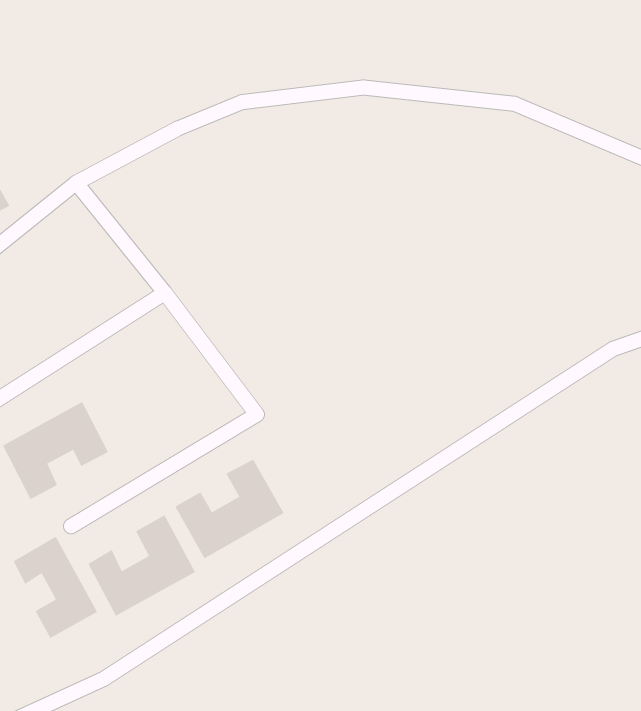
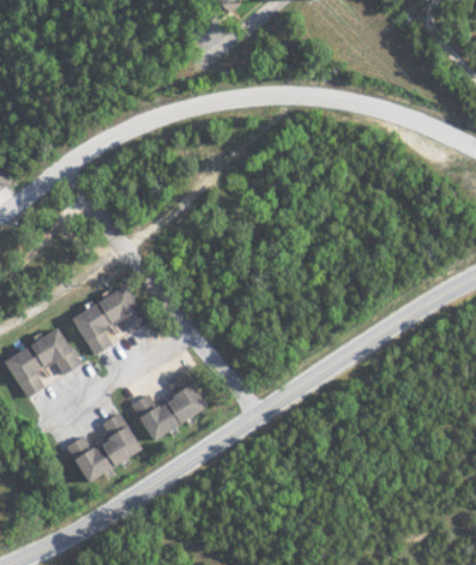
building: none -> [71,285,143,356]
building: [13,536,98,639] -> none

